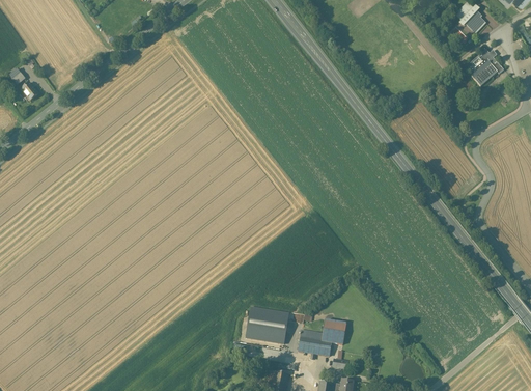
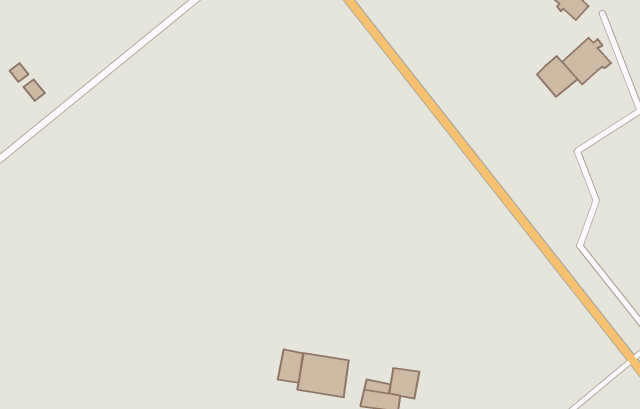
building: none -> [537,56,577,97]
building: none -> [278,349,303,383]

